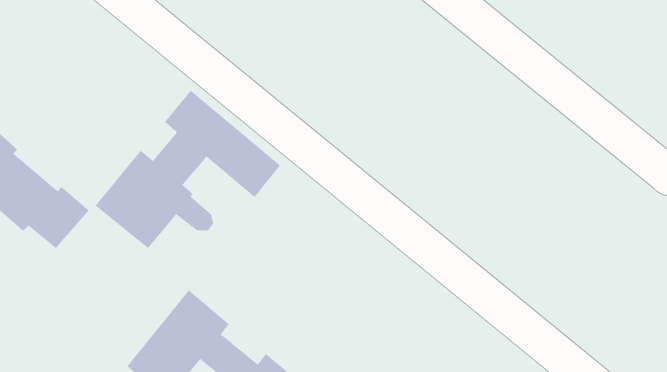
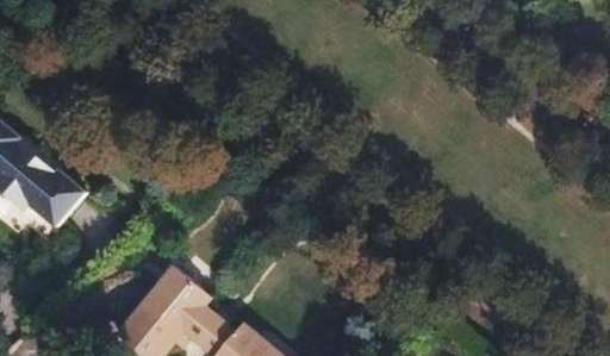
building: [95,90,281,249] -> none

